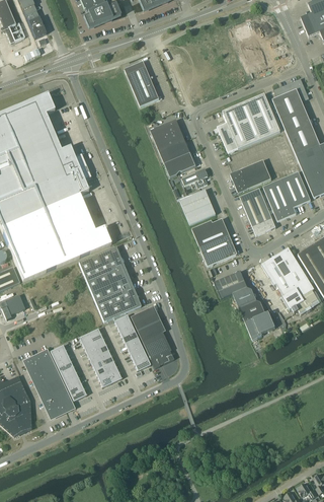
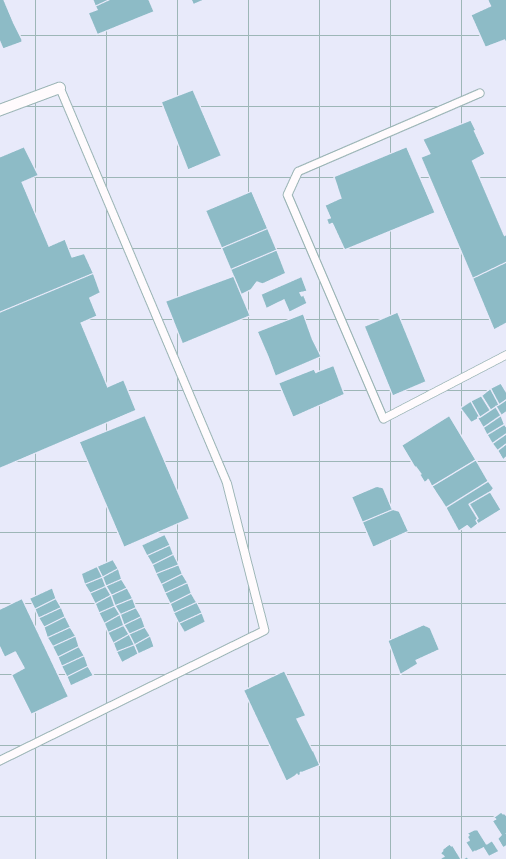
building: [230,159,271,193] -> none
building: none -> [166,276,250,344]
building: [263,171,311,221] -> none
building: [199,234,237,266] -> none
building: [214,271,247,298] -> none
building: [130,305,173,368] -> [243,671,320,781]
building: [245,312,274,341] -> [388,625,439,675]

